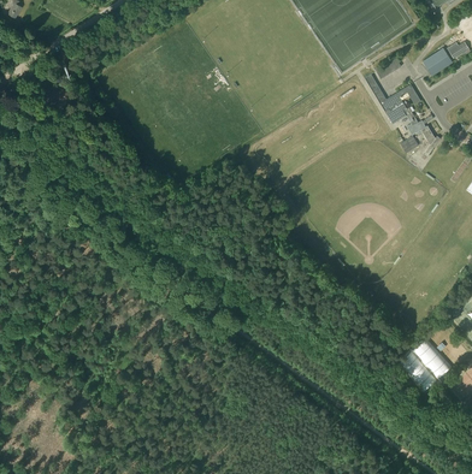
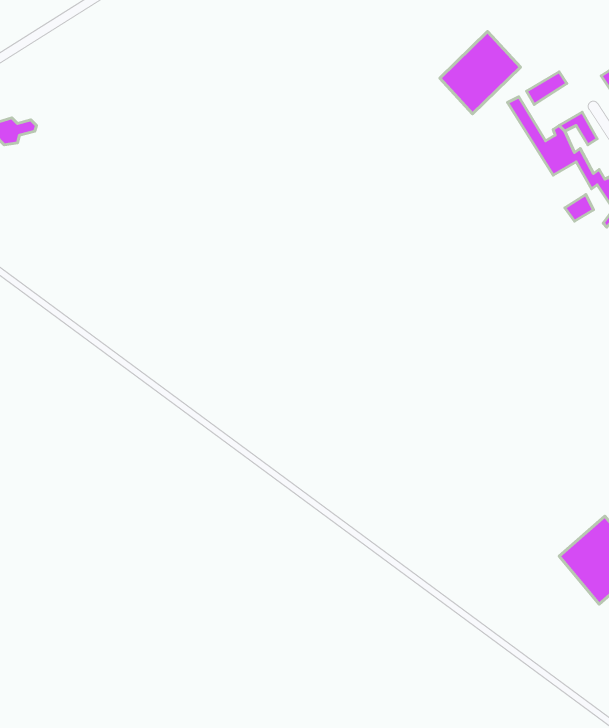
building: none -> [440,31,521,114]

